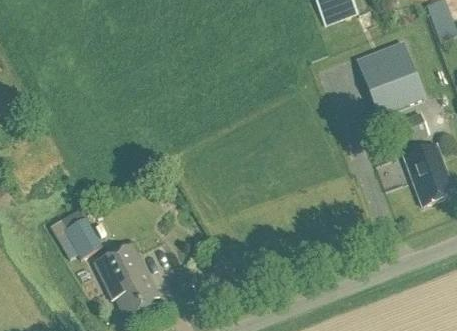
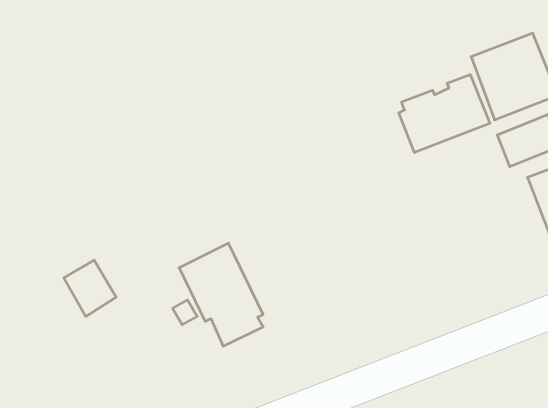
building: none -> [399,75,490,153]
building: [94,241,155,316] -> [179,243,263,346]

